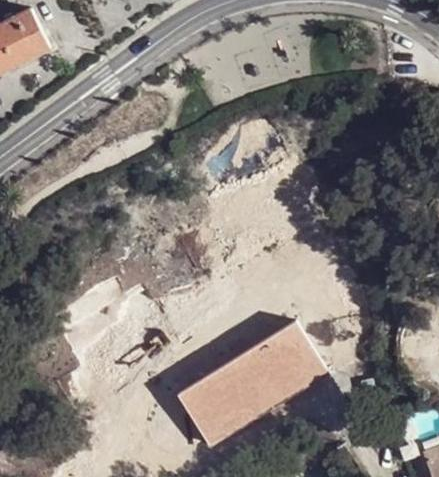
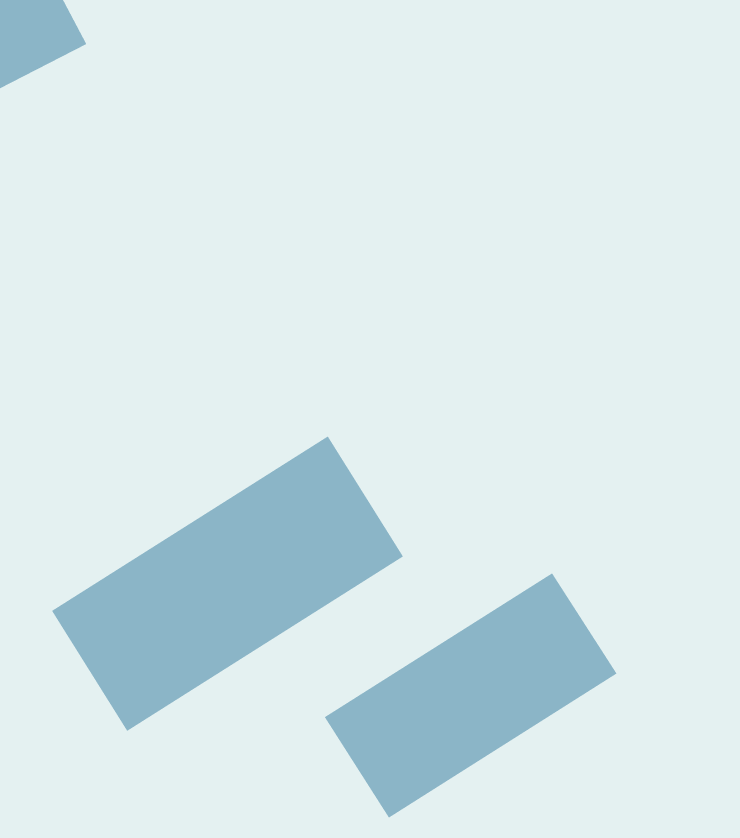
building: none -> [51,435,404,732]

